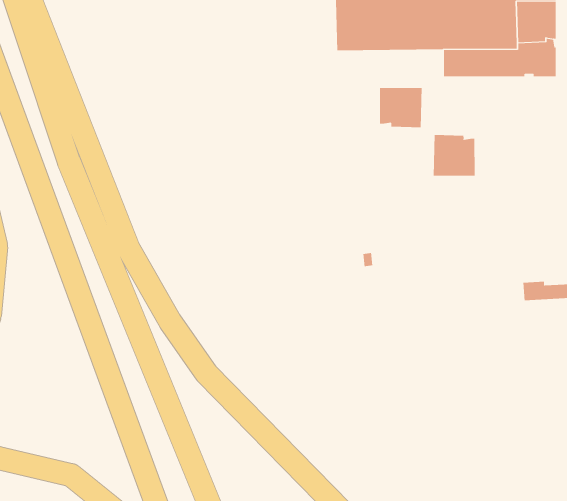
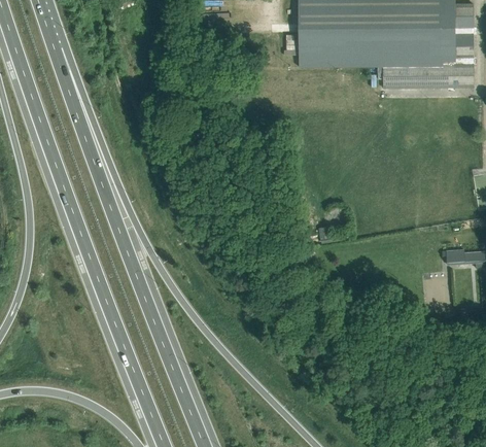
building: [379,87,422,128] -> none
building: [433,134,475,177] -> none

